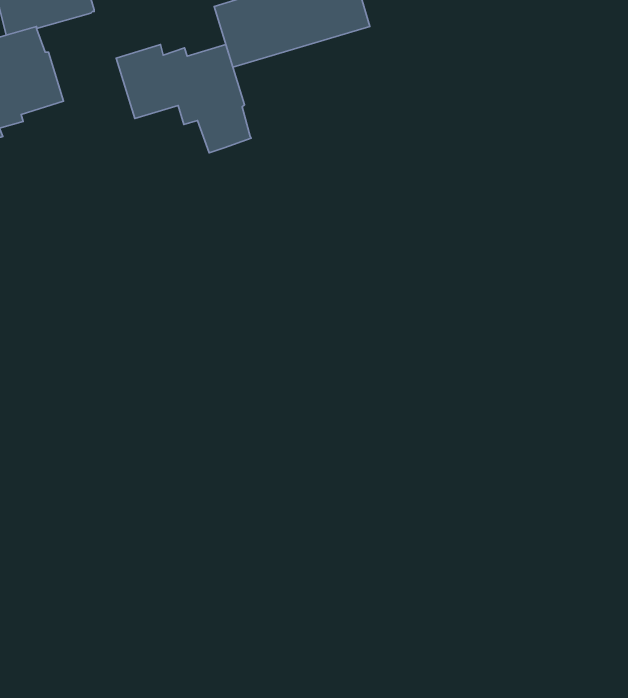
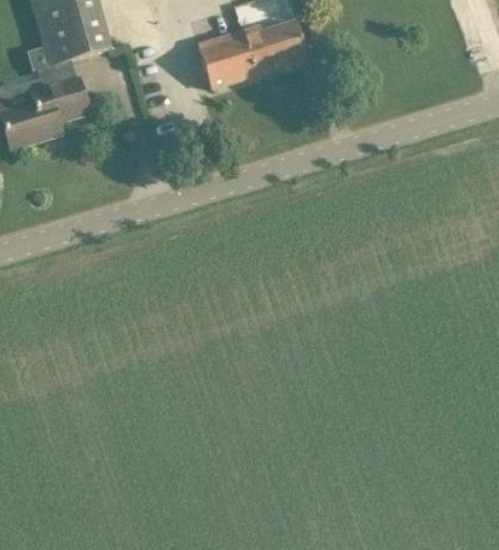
building: [116,44,251,153] -> none

